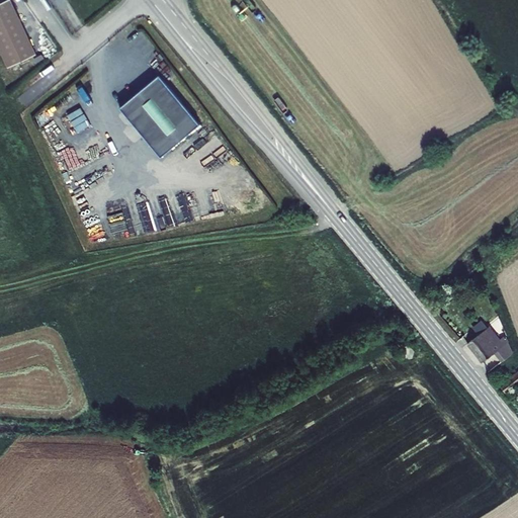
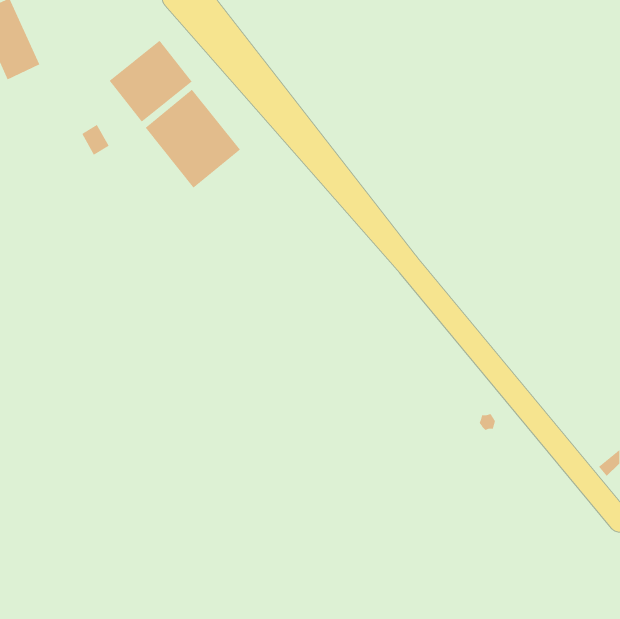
building: none -> [109,40,192,122]
building: [465,333,509,364] -> none

